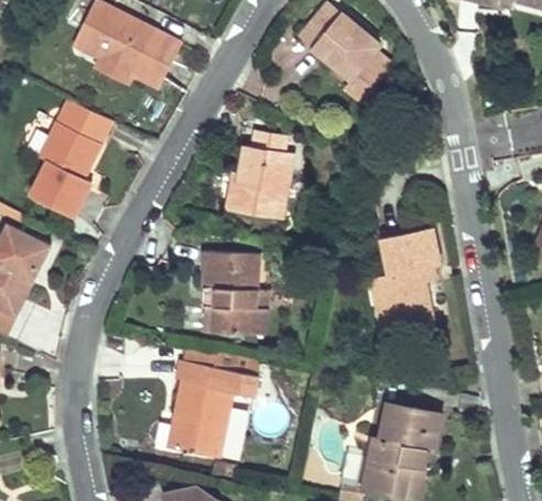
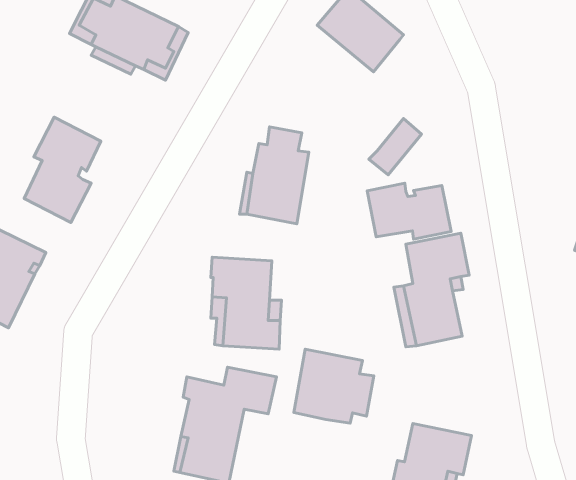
building: [344,49,392,101] -> [369,119,422,175]
building: [58,100,112,143] -> none
building: none -> [367,183,451,239]
building: none -> [294,349,374,423]

